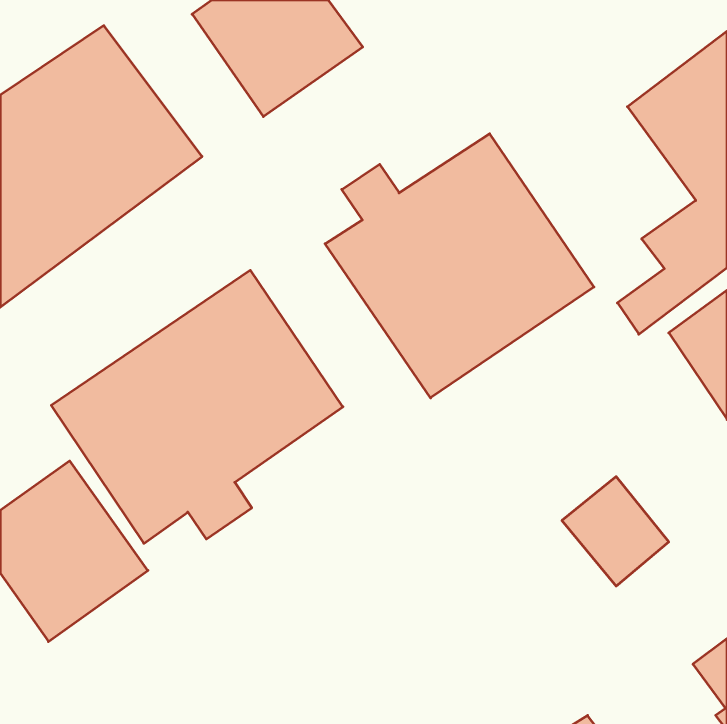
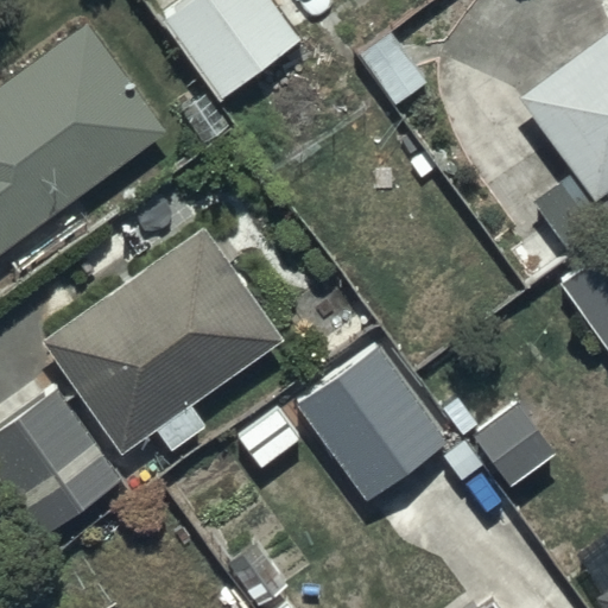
building: [325,134,594,398] -> none
building: none -> [294,341,450,502]

